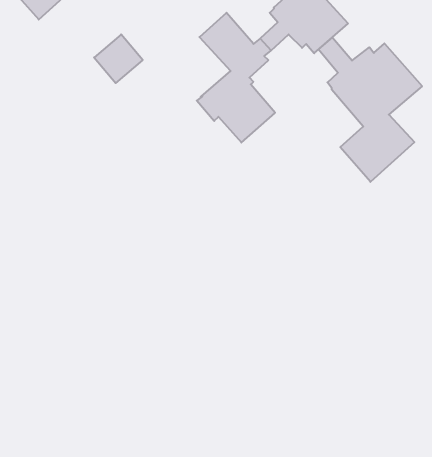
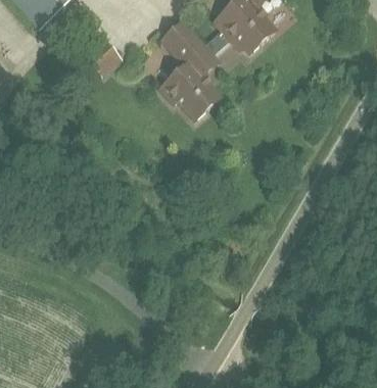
building: [318,37,422,182] -> none

